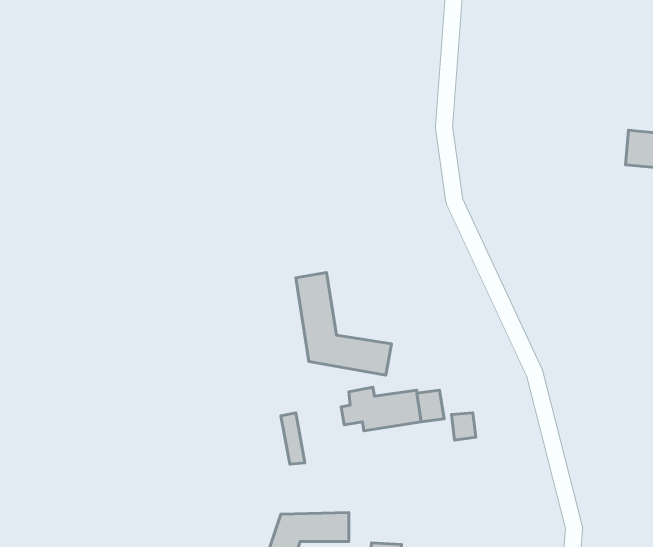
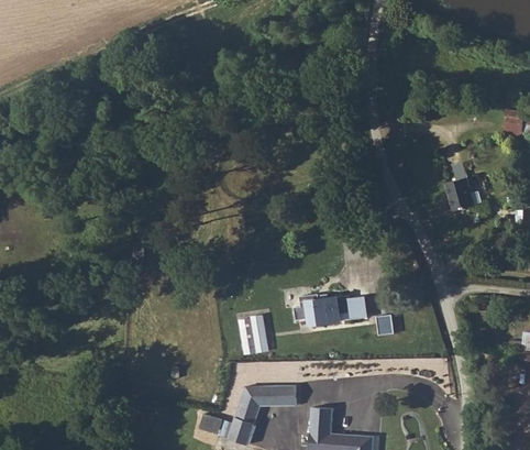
building: none -> [448,176,483,210]
building: [296,272,391,375] -> none

